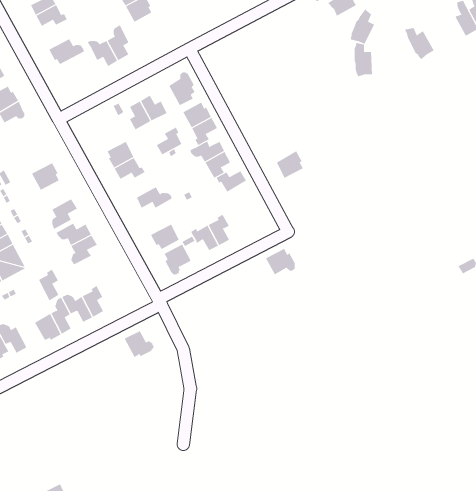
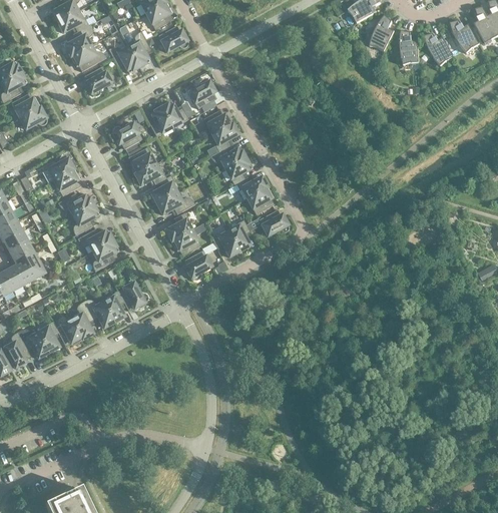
building: none -> [449,21,479,53]
building: none -> [64,25,91,56]
building: none -> [157,25,187,52]
building: [354,43,373,77] -> [399,31,418,65]
building: none -> [83,66,110,96]
building: none -> [111,122,141,153]
building: [156,127,182,155] -> [150,175,176,203]
building: none -> [41,155,73,182]
building: [276,150,303,179] -> [246,186,274,214]
building: none -> [57,193,92,215]
building: none -> [164,212,191,240]
building: [265,248,296,275] -> [258,209,288,236]
building: [38,269,66,301] -> [37,321,65,353]
building: [124,331,154,358] -> [117,283,147,310]

